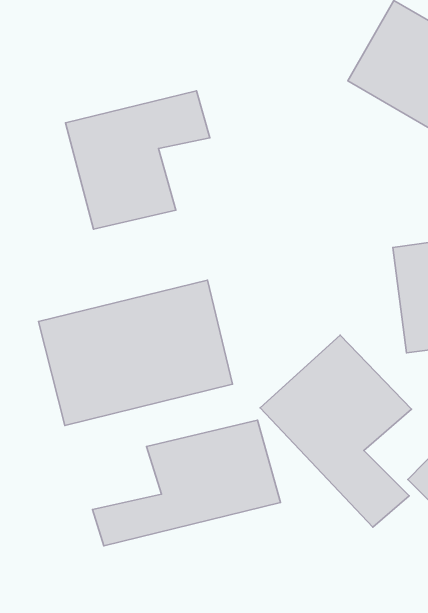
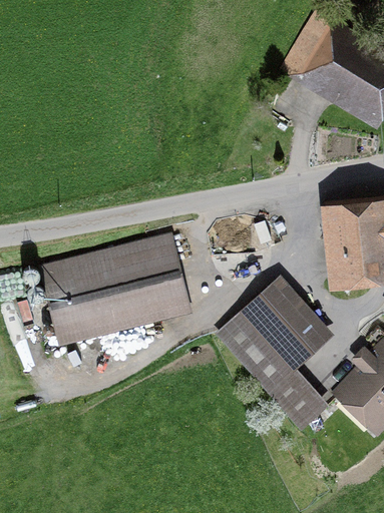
building: [66,91,210,229] -> none
building: [92,420,280,546] -> none

